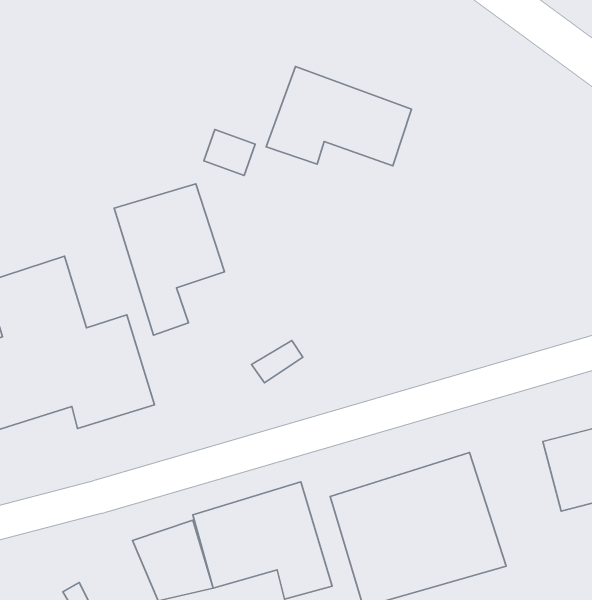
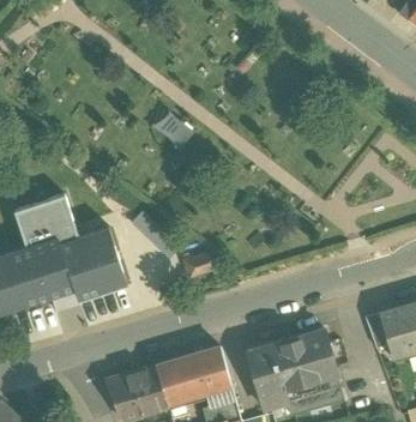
building: [266,66,411,166] -> none
building: [114,184,224,335] -> none

